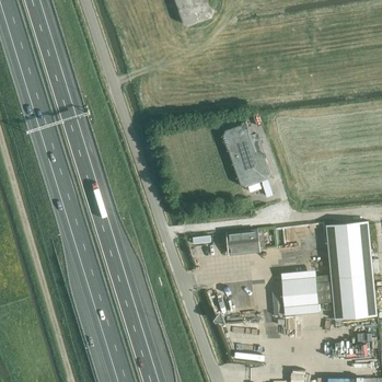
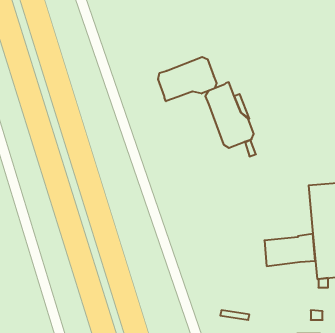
building: none -> [158,57,217,101]
building: [227,232,258,254] -> none

